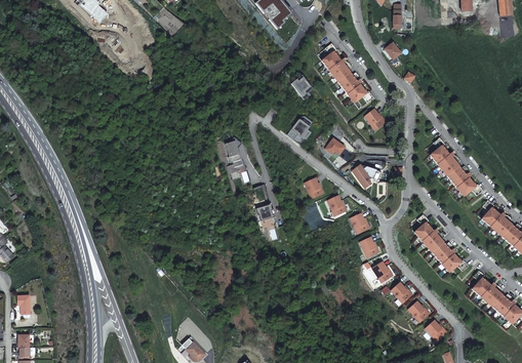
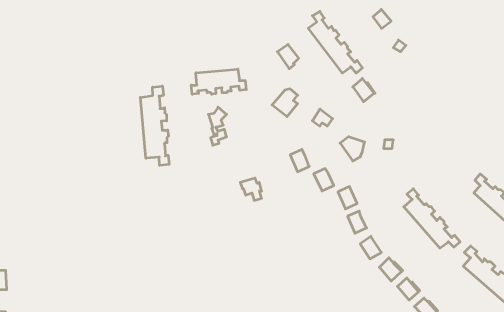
building: none -> [191,69,246,94]
building: none -> [140,86,169,165]
building: [430,137,482,196] -> none

